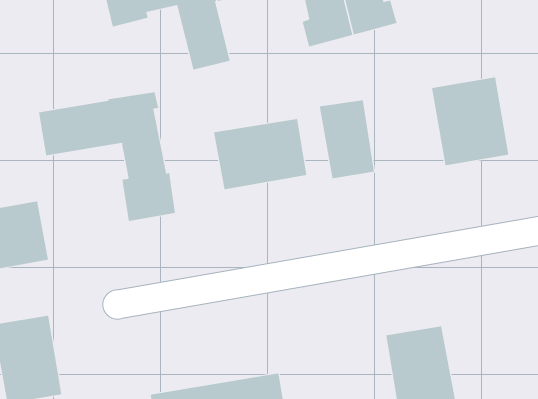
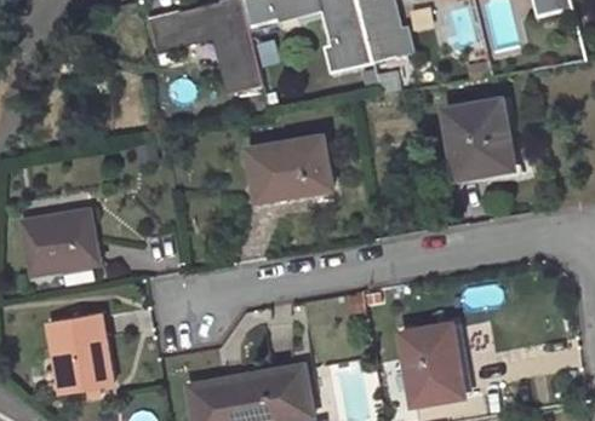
building: [38,92,176,222] -> none
building: [319,100,375,179] -> none

